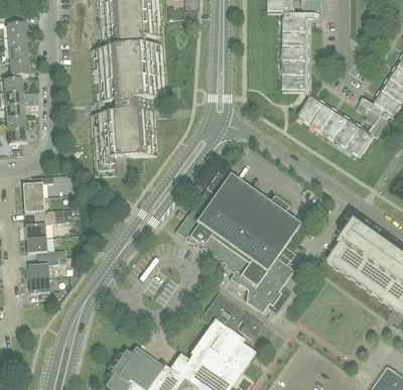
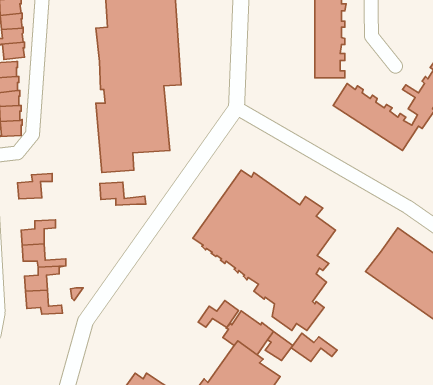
building: [24,196,64,216] -> [100,182,146,205]
building: none -> [198,301,239,328]
building: none -> [291,333,337,362]

